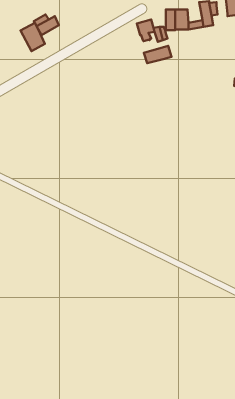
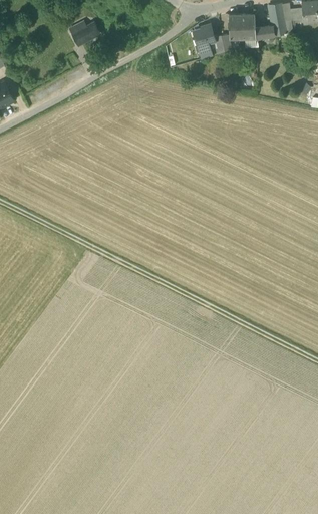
building: [20,23,45,51] -> none
building: [144,46,171,63] -> none

